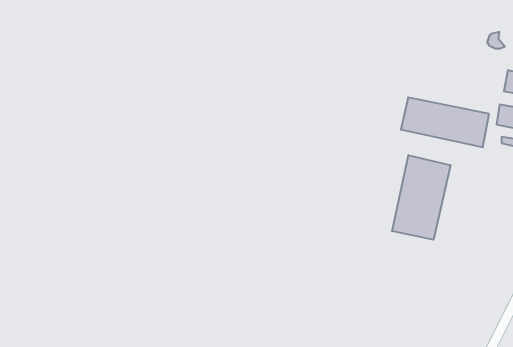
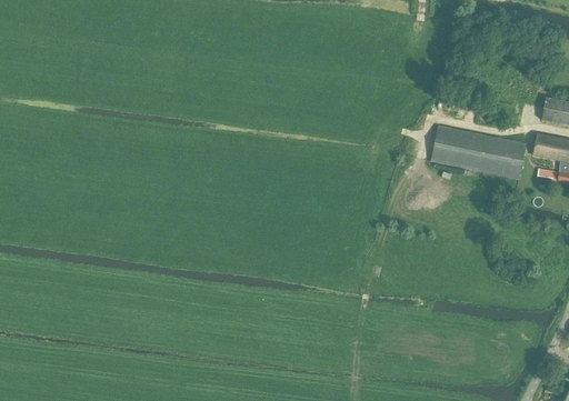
building: [392,155,451,240] -> none

